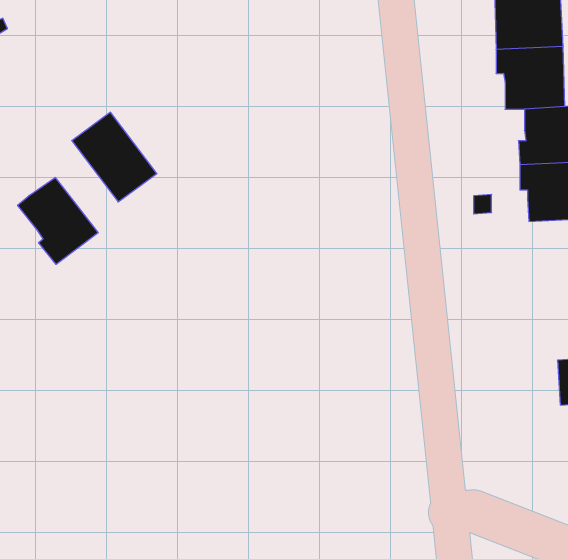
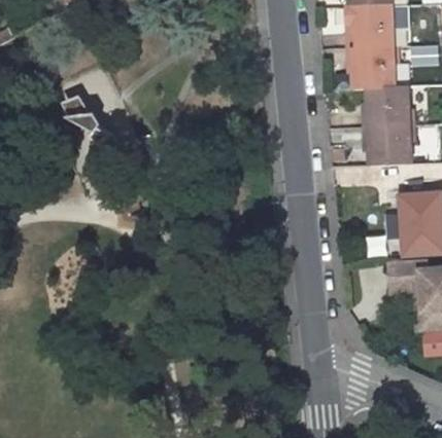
building: [18,177,98,264] -> none

